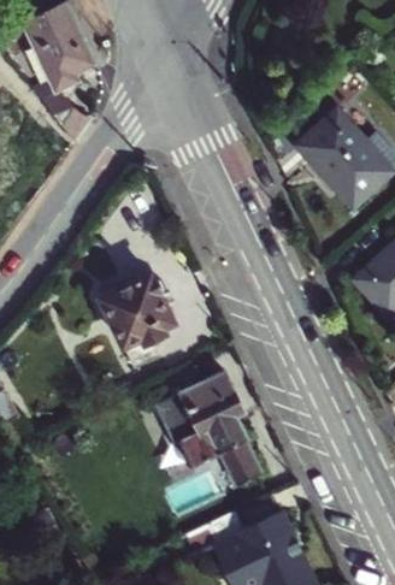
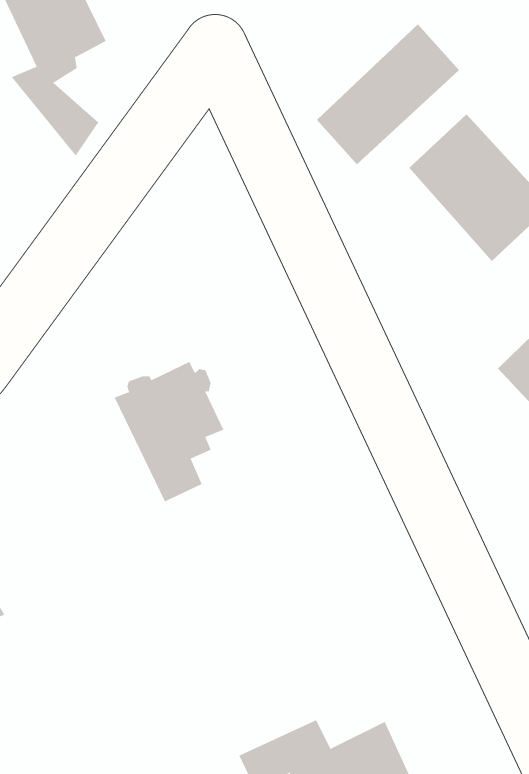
building: none -> [316,23,460,165]
building: [154,372,259,486] -> none

